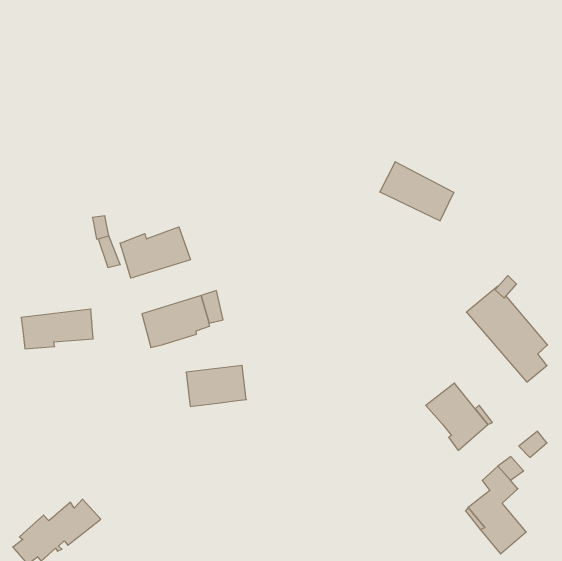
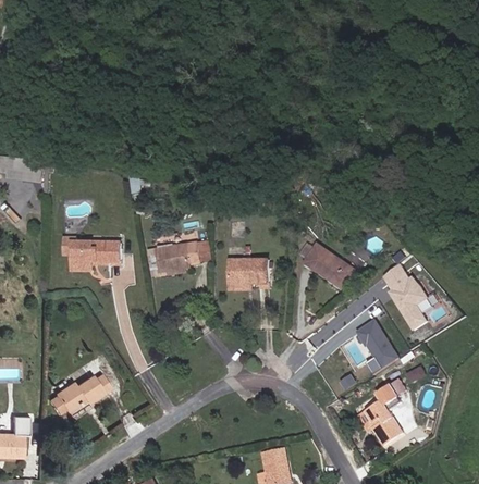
building: [380,162,454,221] -> [303,244,354,288]
building: [120,227,191,278] -> none
building: [186,365,246,406] -> [230,260,269,284]

